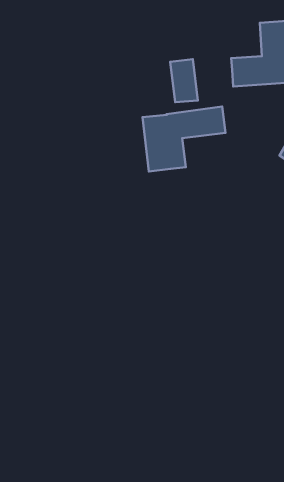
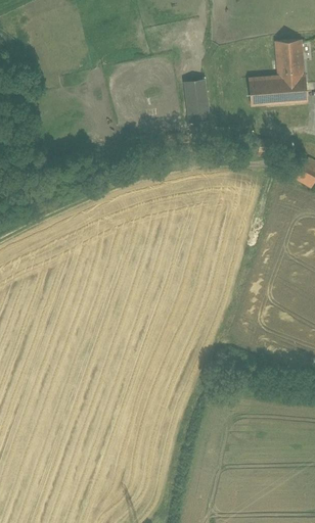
building: [143,106,225,172] -> none

